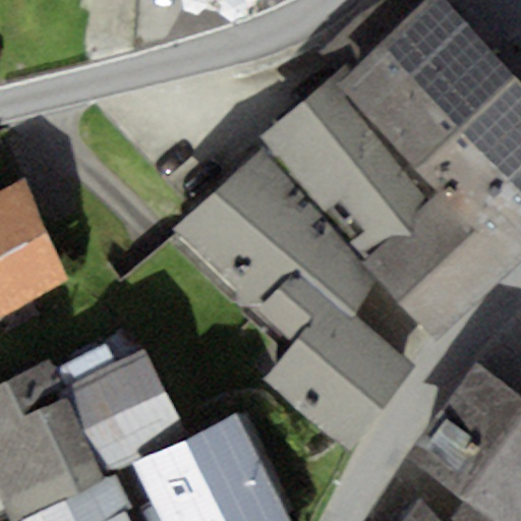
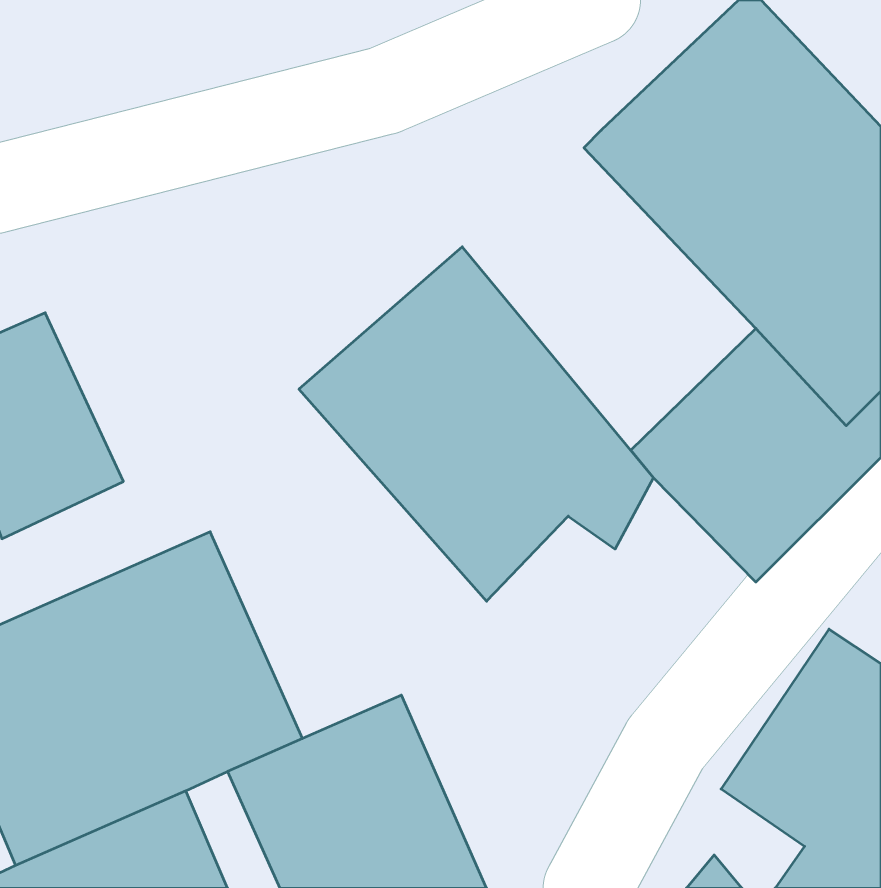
building: [265,69,443,264] -> none
building: [271,302,412,452] -> none

